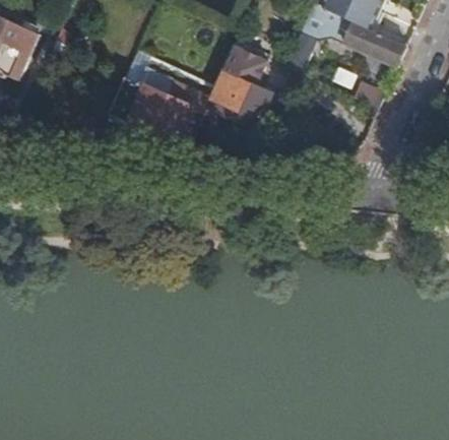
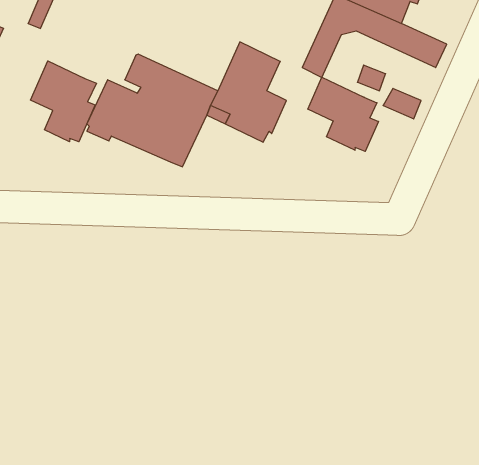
building: none -> [30,61,96,142]
building: none -> [308,77,378,151]

